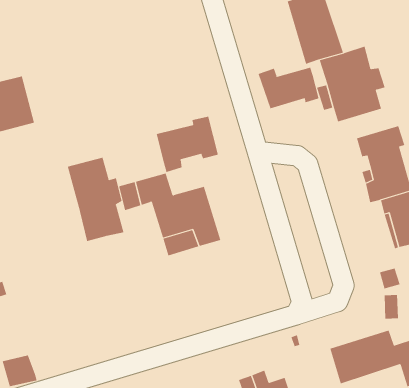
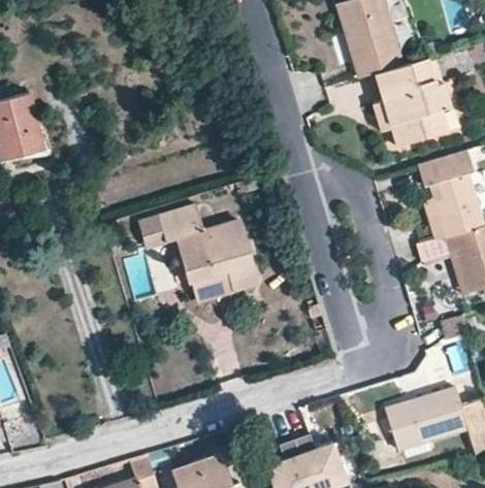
building: [258,67,319,109] -> none
building: [156,116,218,173] -> none
building: [67,157,124,242] -> none

